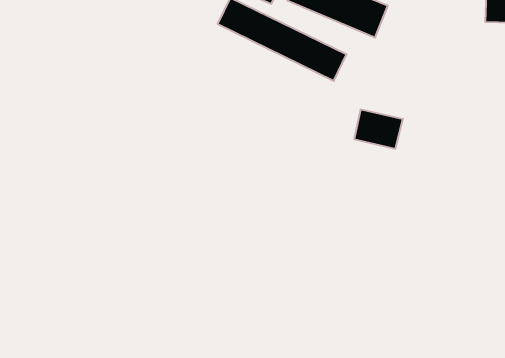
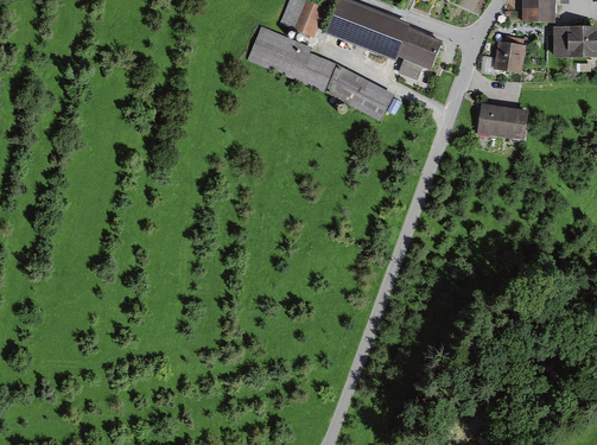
building: none -> [490,37,526,74]
building: [354,110,403,149] -> [474,98,528,142]

